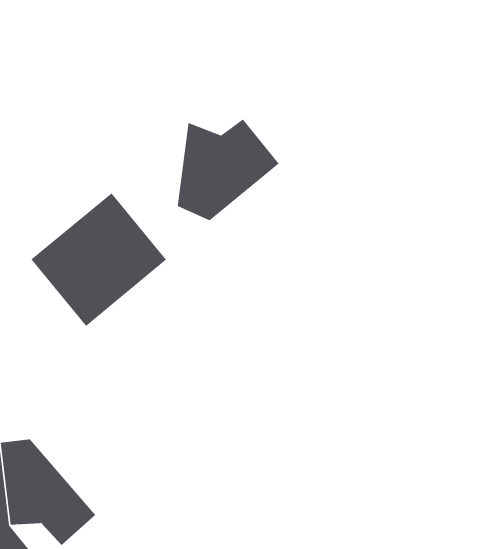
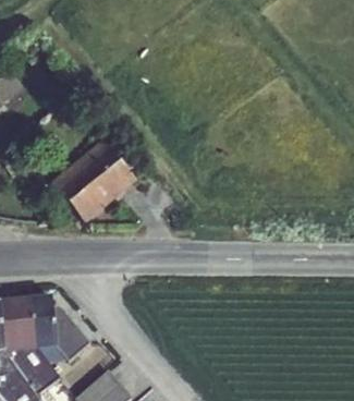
building: [177,118,279,221] -> none

